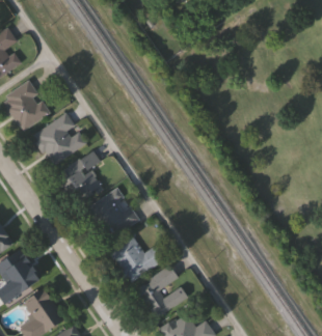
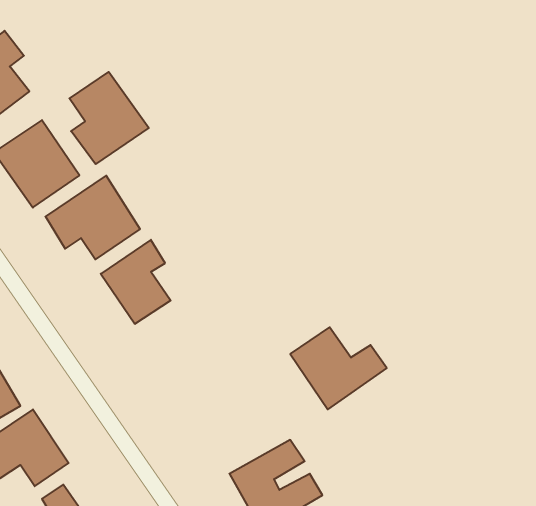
building: none -> [69,72,149,164]
building: [88,189,136,239] -> none
building: [110,235,166,283] -> [290,327,387,409]

